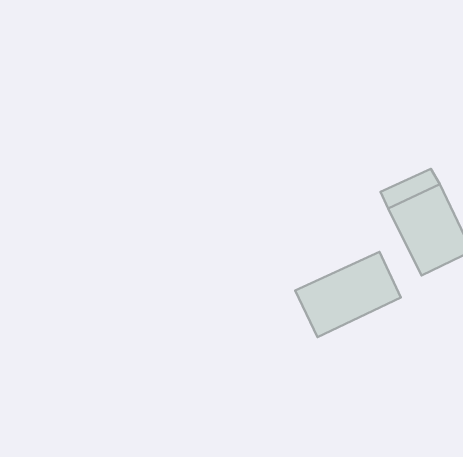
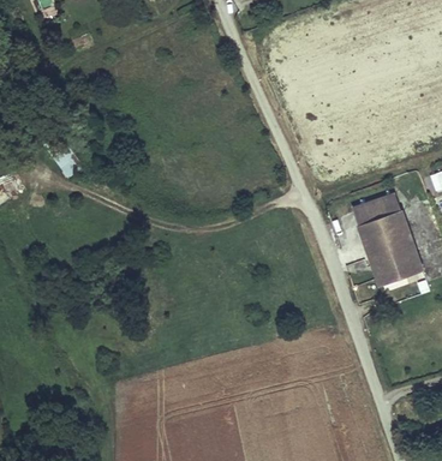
building: [295,252,401,337] -> none

